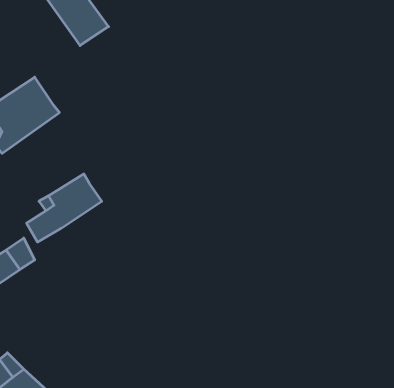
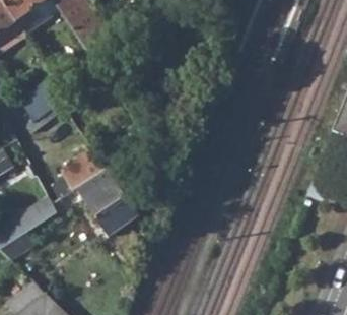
building: none -> [74,168,136,235]

